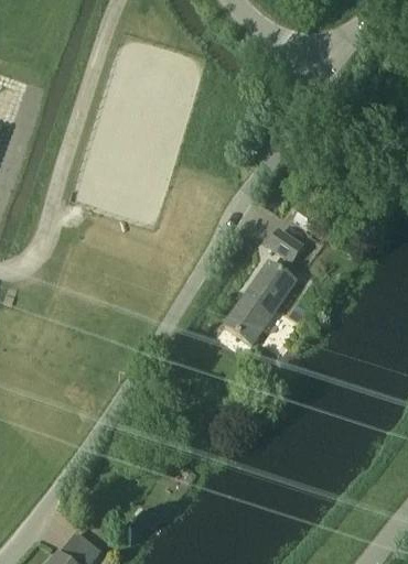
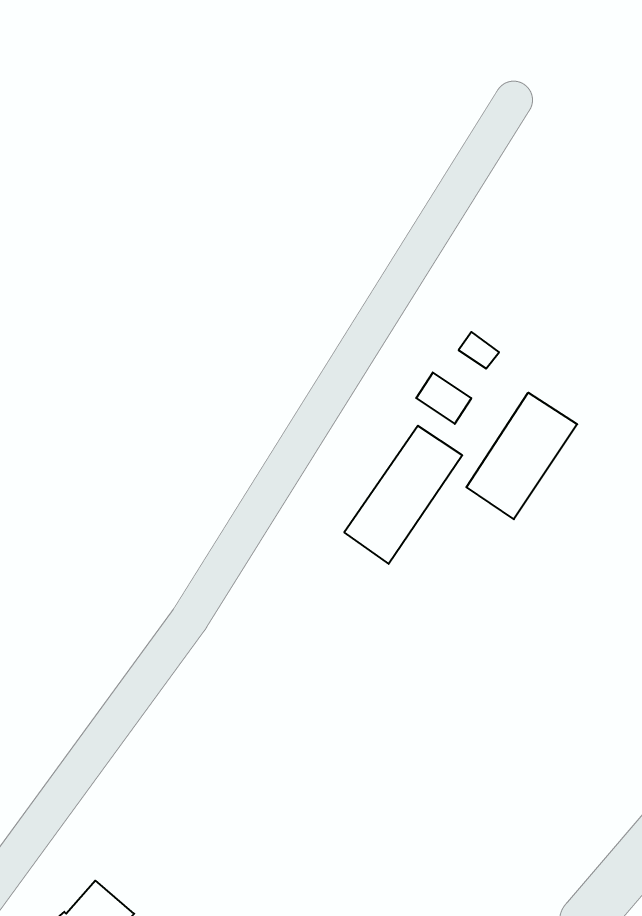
building: none -> [466,393,577,519]

